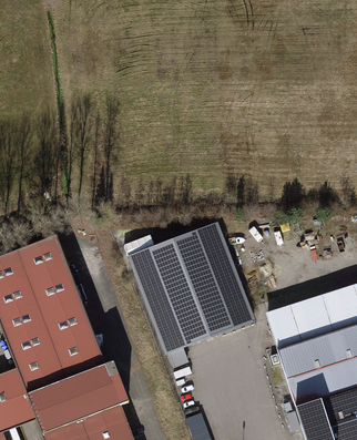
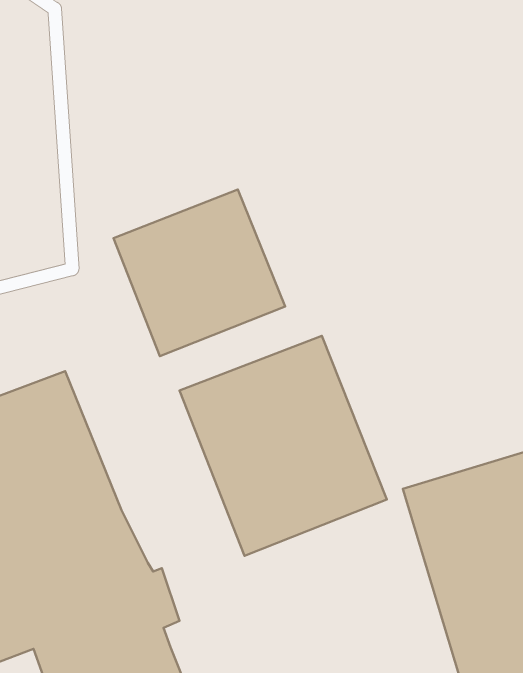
building: none -> [113,190,285,356]

